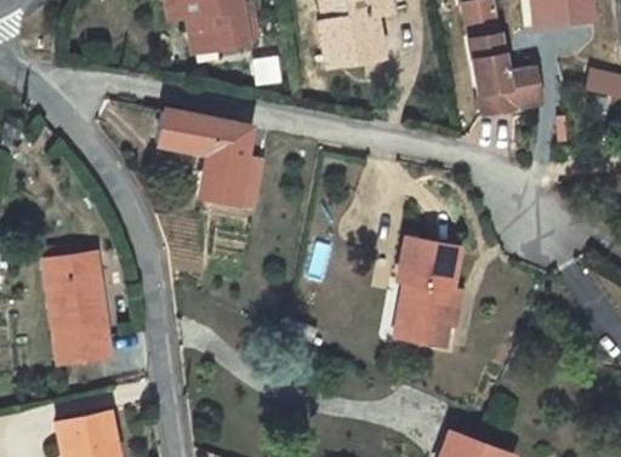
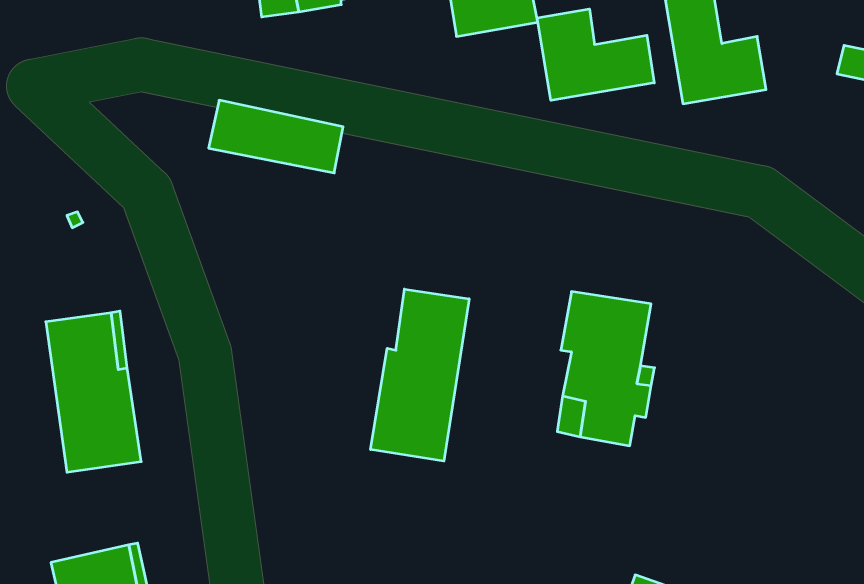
building: none -> [537,9,654,100]
building: [204,152,243,201] -> none
building: none -> [371,289,469,461]

